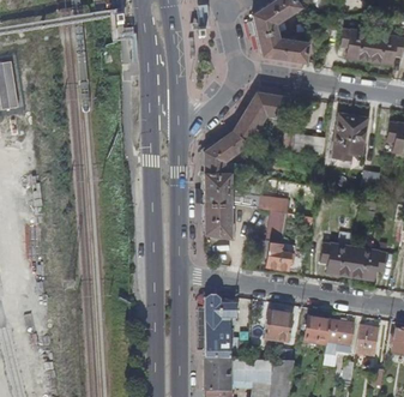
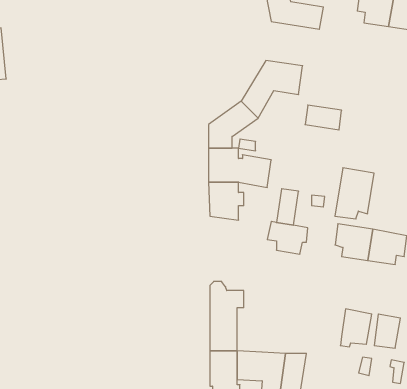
building: [332,113,368,160] -> [335,168,374,219]
building: [263,309,293,342] -> none
building: [304,315,330,344] -> none

